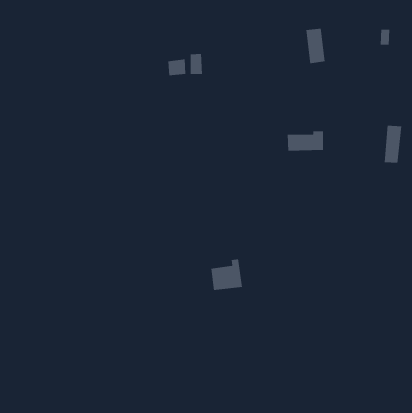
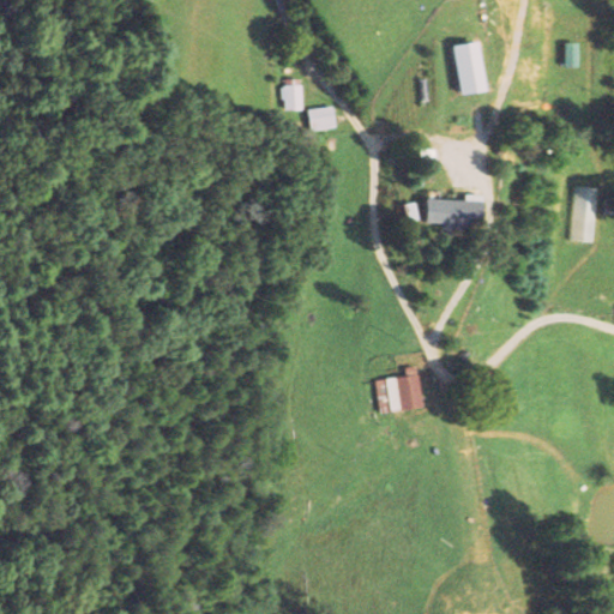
building: [168,59,186,76] -> [308,106,336,131]
building: [211,259,243,290] -> [375,366,423,413]

